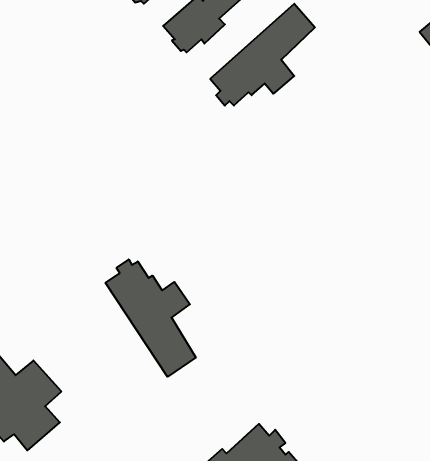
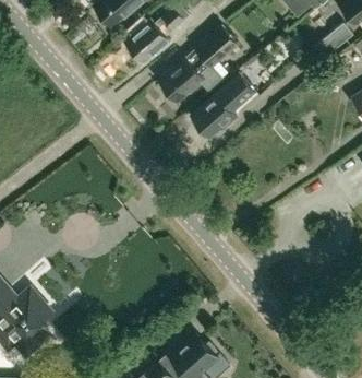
building: none -> [193,72,255,135]
building: [106,259,196,377] -> none

